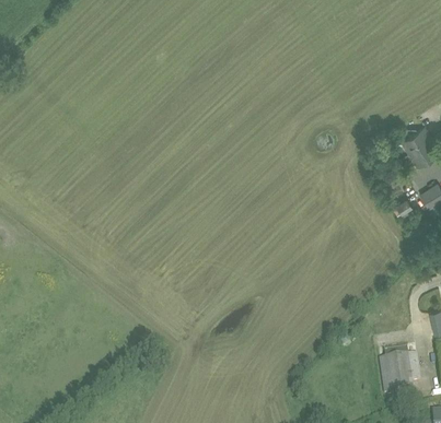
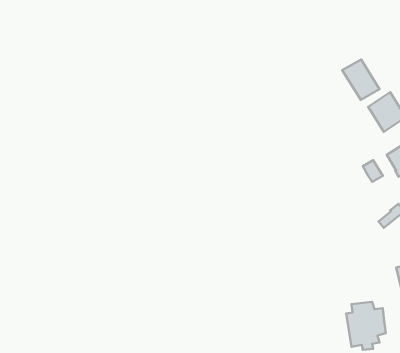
building: none -> [342,60,380,100]

